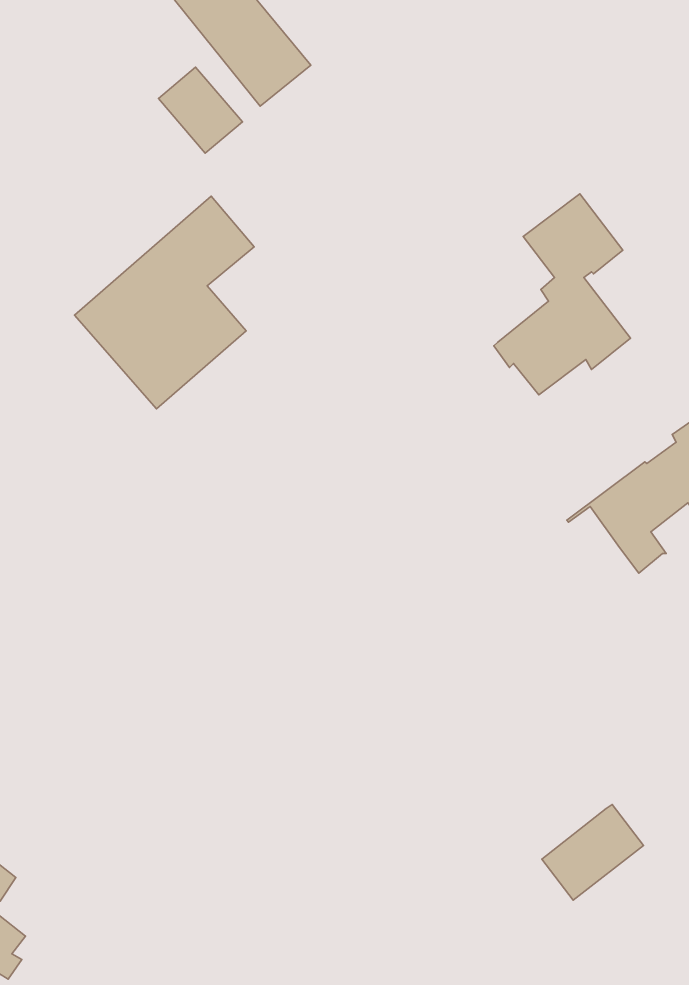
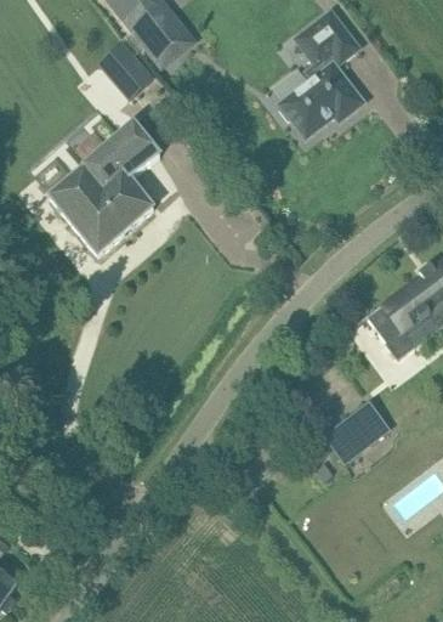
building: [494,194,631,395] -> [278,11,363,136]
building: [542,805,643,900] -> [325,402,388,462]

